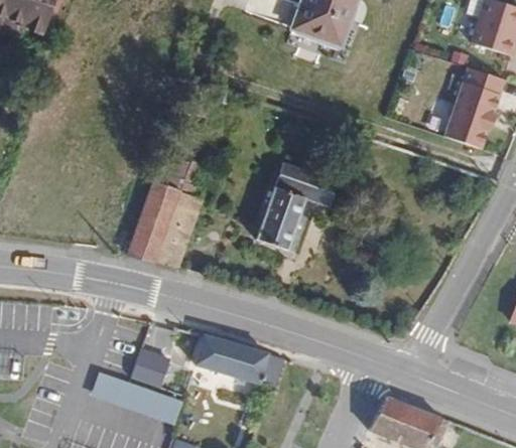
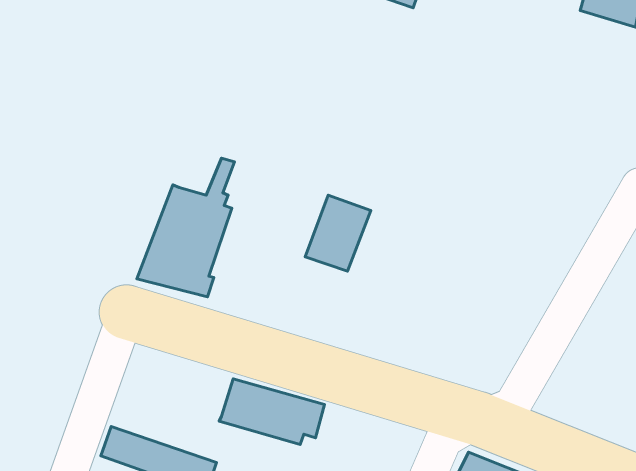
building: [445,69,507,154] -> none
building: [273,170,335,210] -> none
building: [133,347,174,390] -> none

